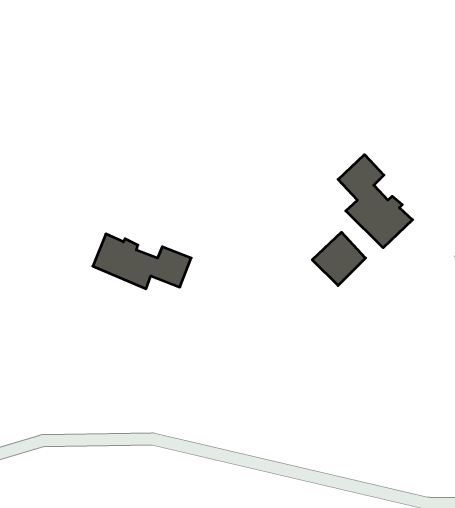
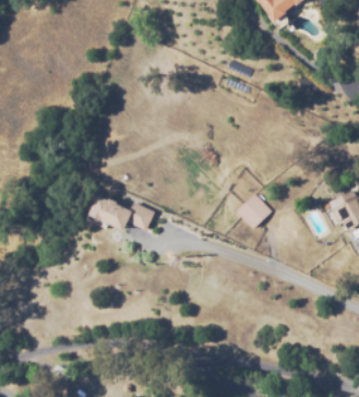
building: [338,155,413,248] -> none

